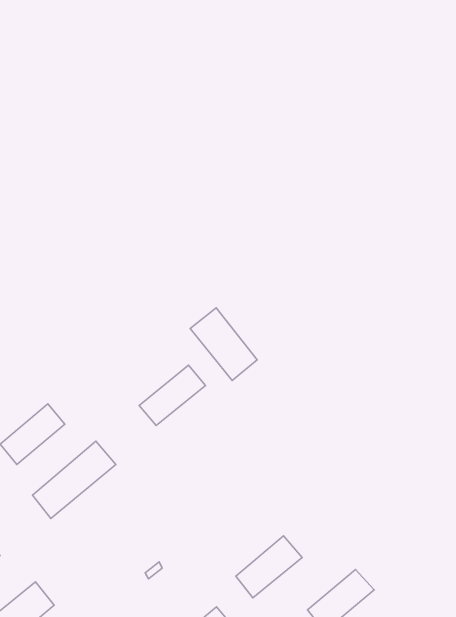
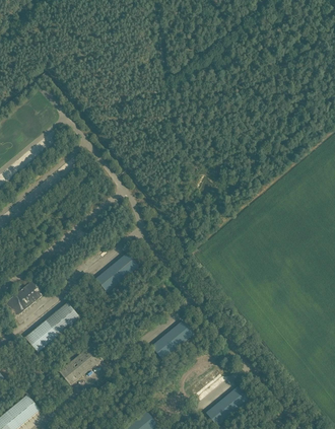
building: [190,308,257,381] -> none
building: none -> [59,345,103,385]
building: [236,536,302,598] -> [151,319,195,360]

